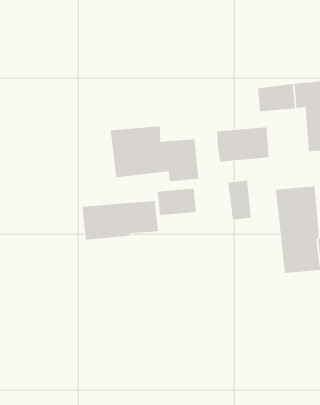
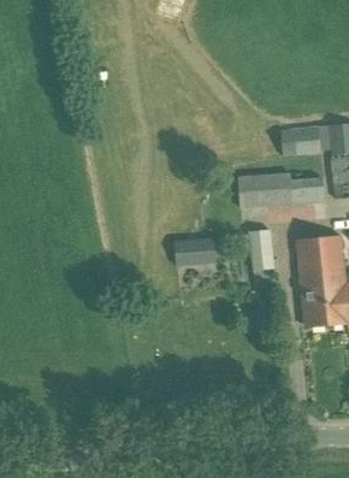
building: [110,125,199,182] -> none
building: none -> [292,178,324,206]
building: [82,200,158,241] -> none

